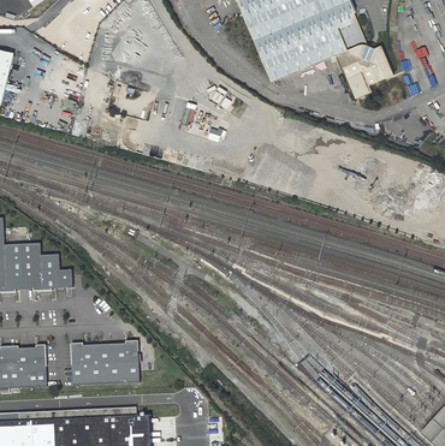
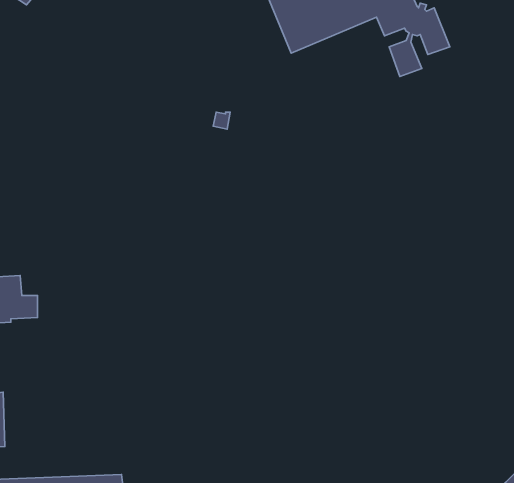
building: [70,340,140,385] -> none

